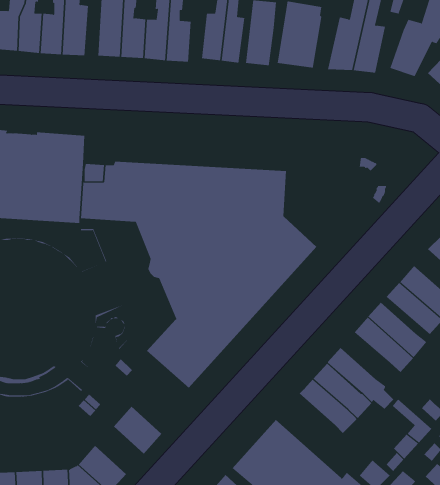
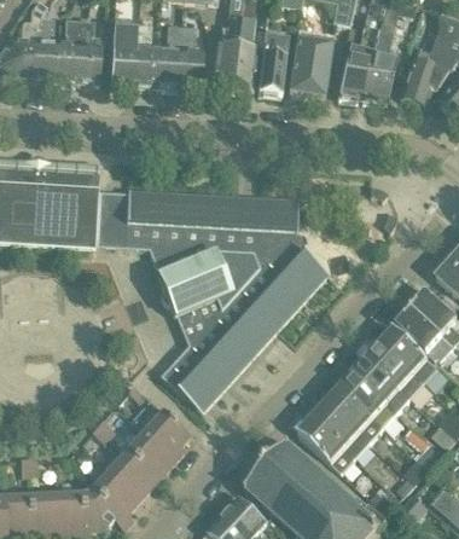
building: none -> [351,357,411,411]
building: none -> [145,408,190,457]
building: none -> [297,417,354,471]
building: none -> [109,450,157,497]

